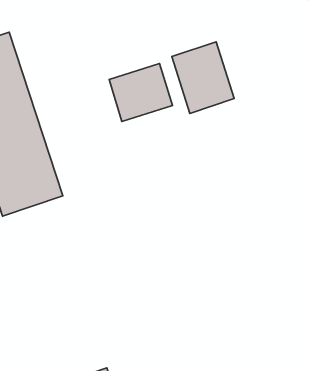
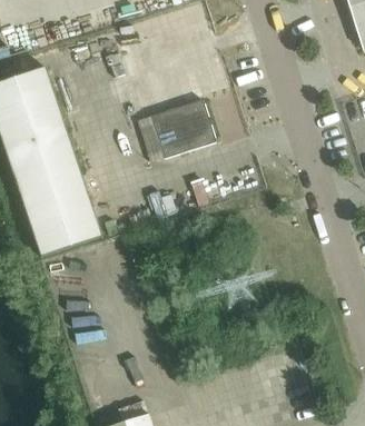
building: [172,42,234,113] -> none

